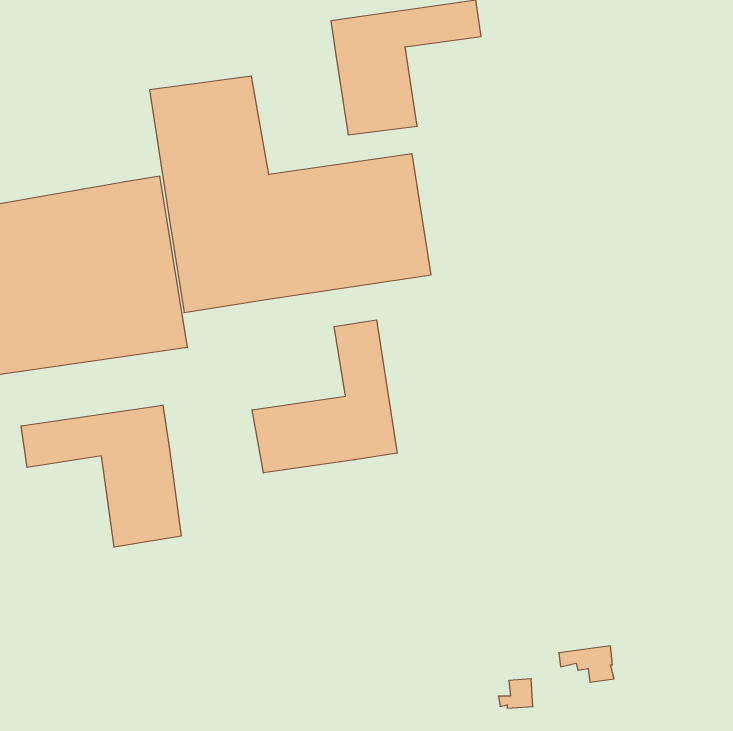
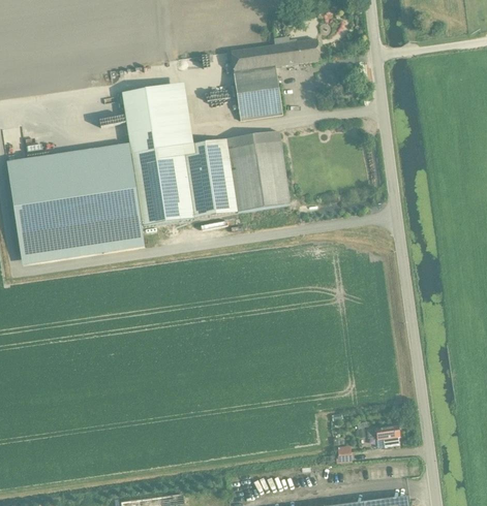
building: [252,320,397,473] -> none
building: [21,405,181,547] -> none

